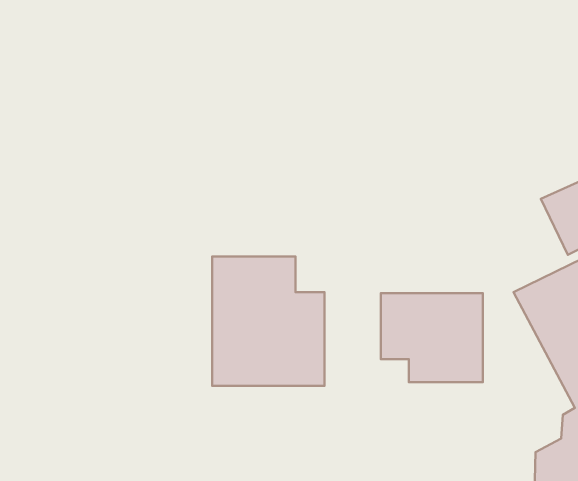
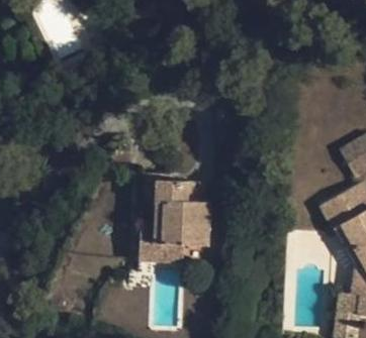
building: [381,293,483,382] -> none

